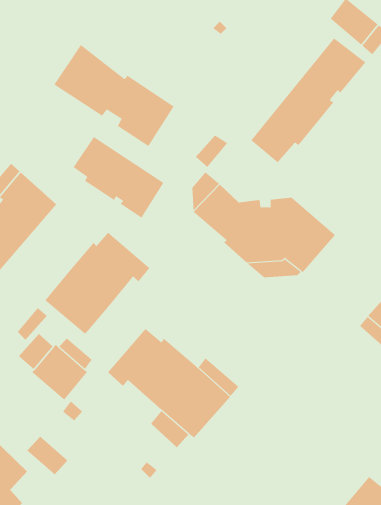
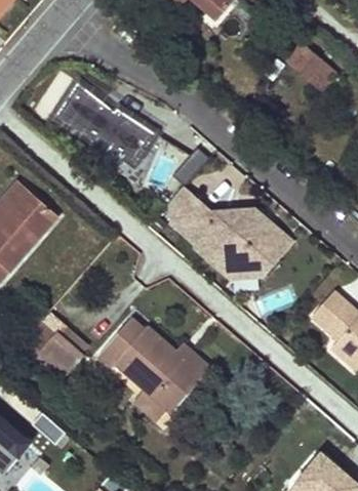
building: [251,38,366,163] -> none
building: [73,136,164,218] -> none
building: [44,232,150,335] -> none

